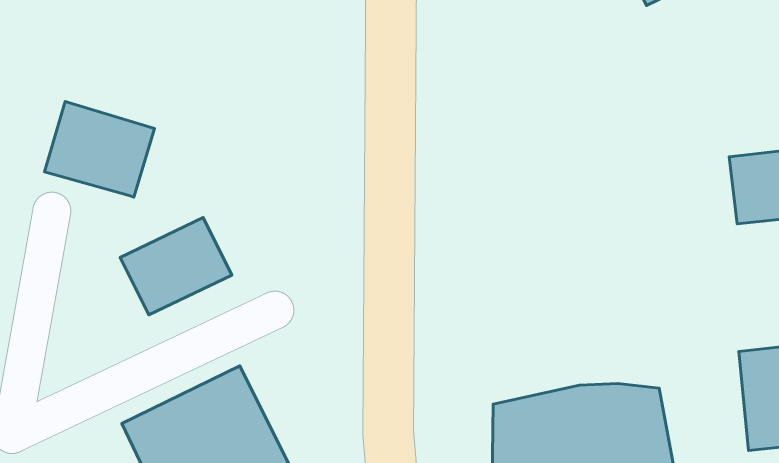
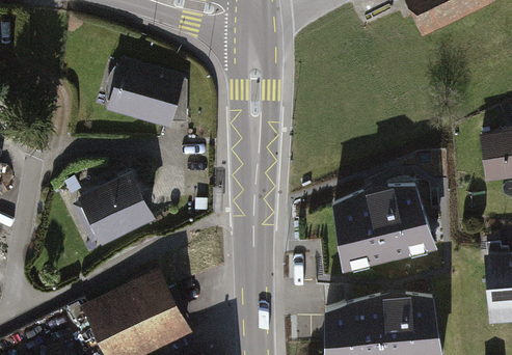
building: [45,101,155,197] -> [112,61,184,124]
building: none -> [335,186,435,265]

